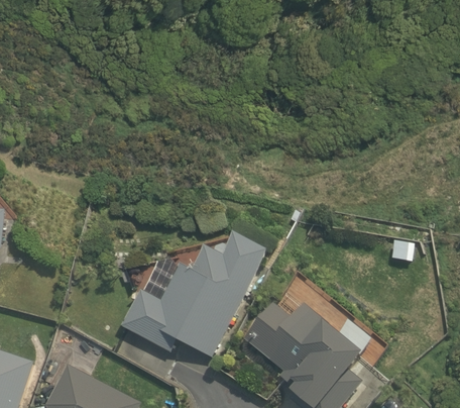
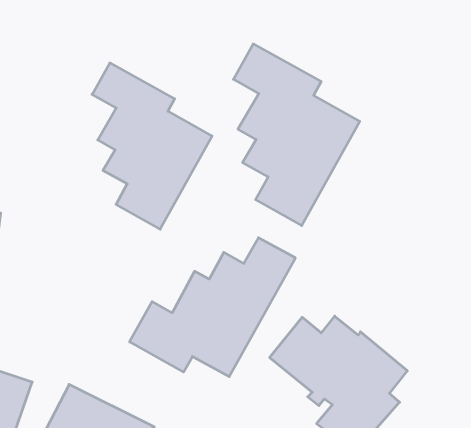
building: none -> [233,44,360,226]
building: none -> [92,63,212,229]

